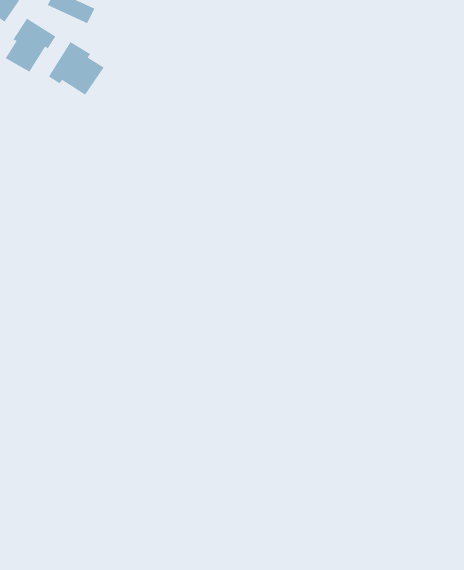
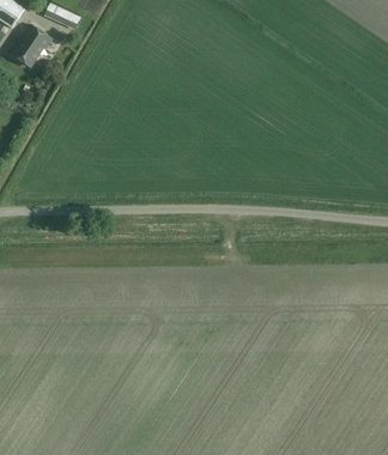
building: [48,41,105,95] -> none

